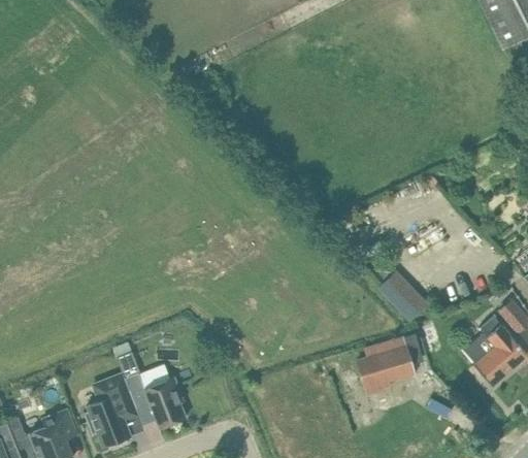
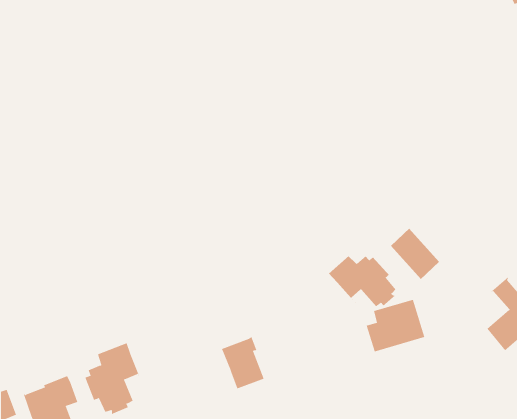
building: none -> [328,255,396,307]
building: [117,352,144,390] -> none
building: [144,378,187,429] -> [221,336,264,389]

